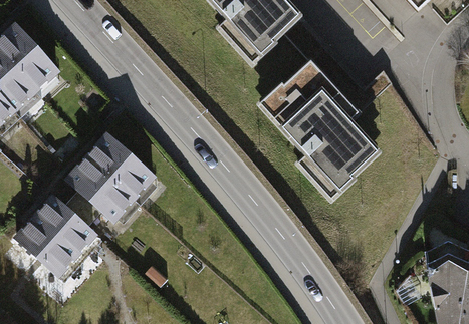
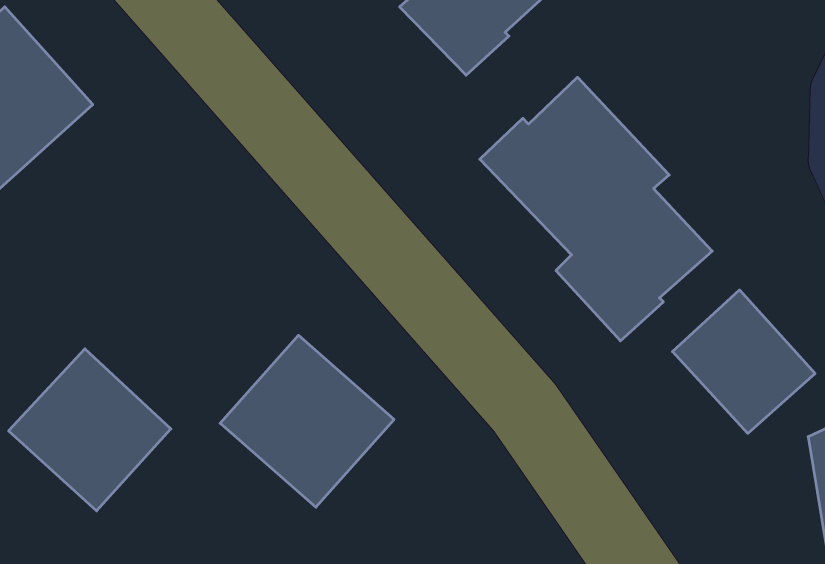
building: [66,134,156,223] -> [220,335,394,507]
building: none -> [672,290,815,433]

